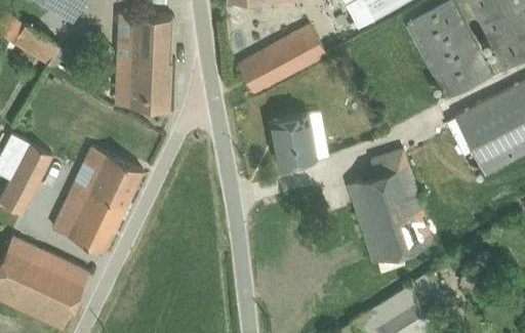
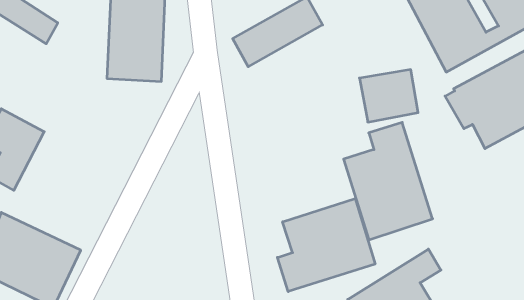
building: [271,115,328,166] -> [359,70,418,122]
building: [52,148,144,254] -> none
building: none -> [277,198,375,292]

